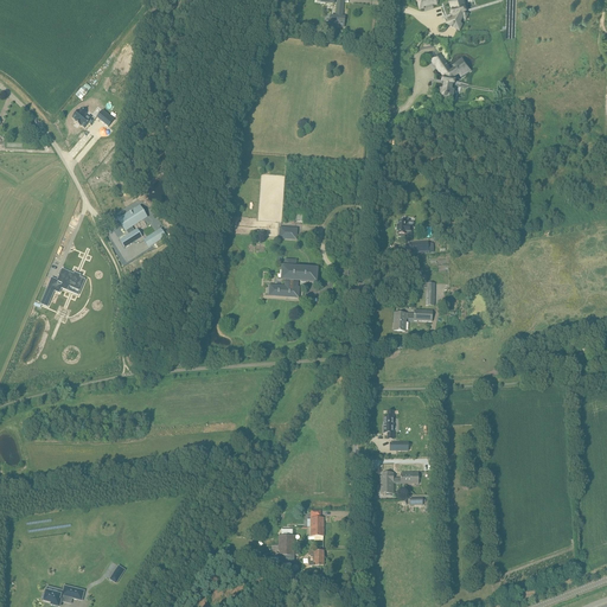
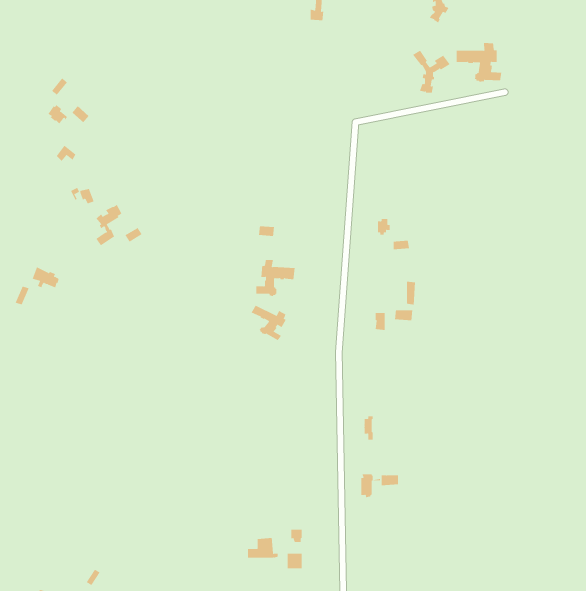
building: none -> [456,42,502,83]
building: none -> [251,305,287,341]

